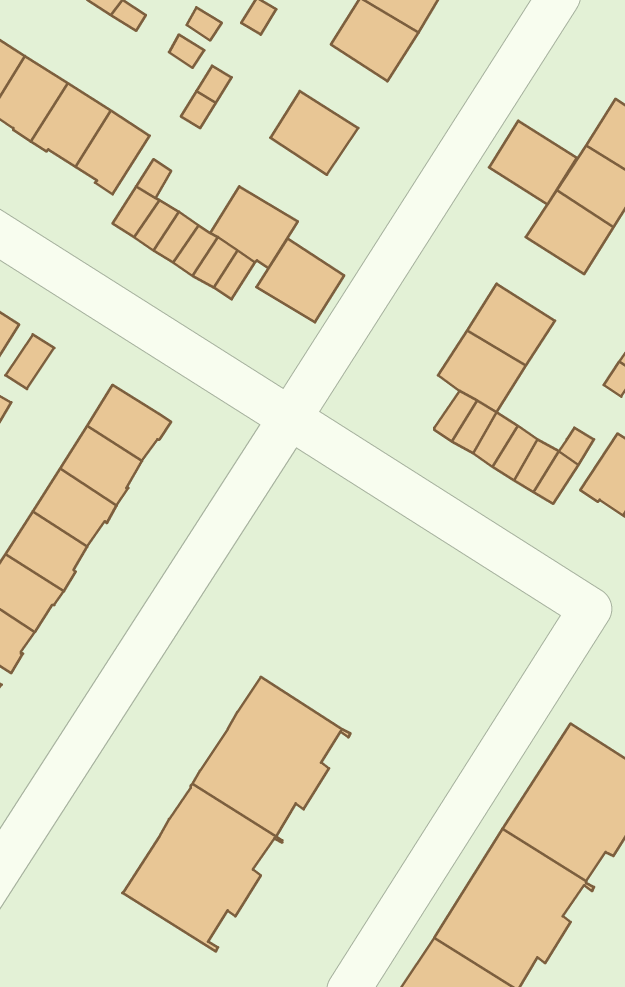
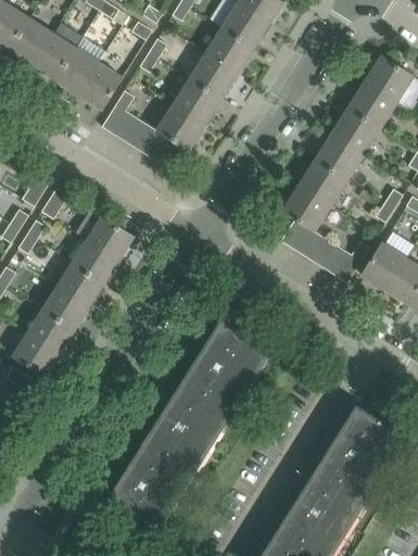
building: none -> [205,26,254,73]
building: [489,121,577,204] -> [315,134,364,180]
building: [256,238,344,322] -> [172,78,220,125]
building: none -> [183,319,273,408]

